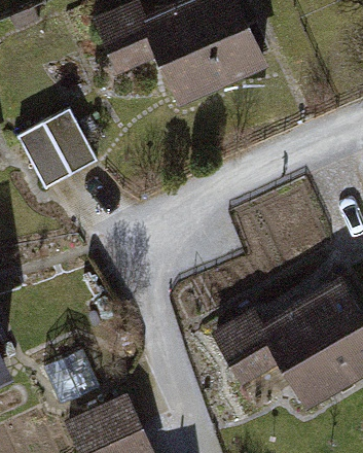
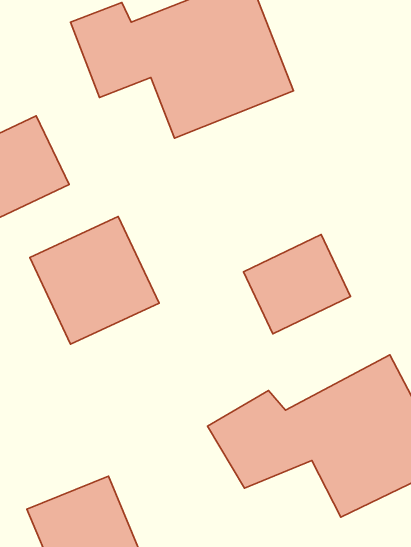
building: none -> [30,217,159,344]
building: none -> [244,235,350,334]

